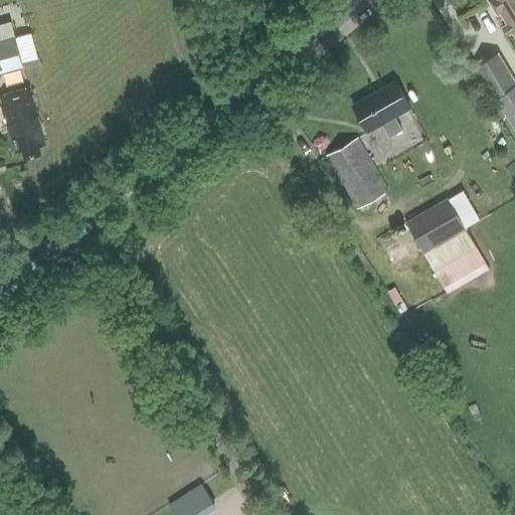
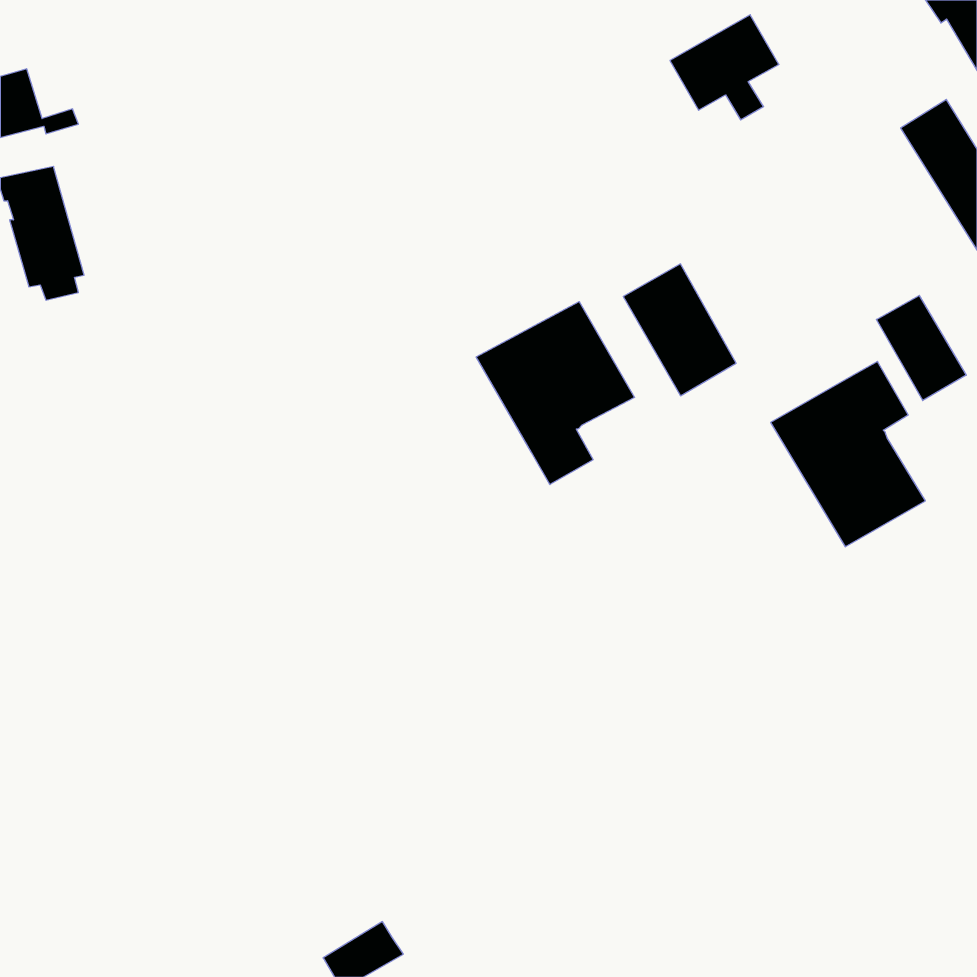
building: [352,81,409,137] -> [670,15,779,120]
building: none -> [876,295,966,401]
building: none -> [476,302,635,485]

